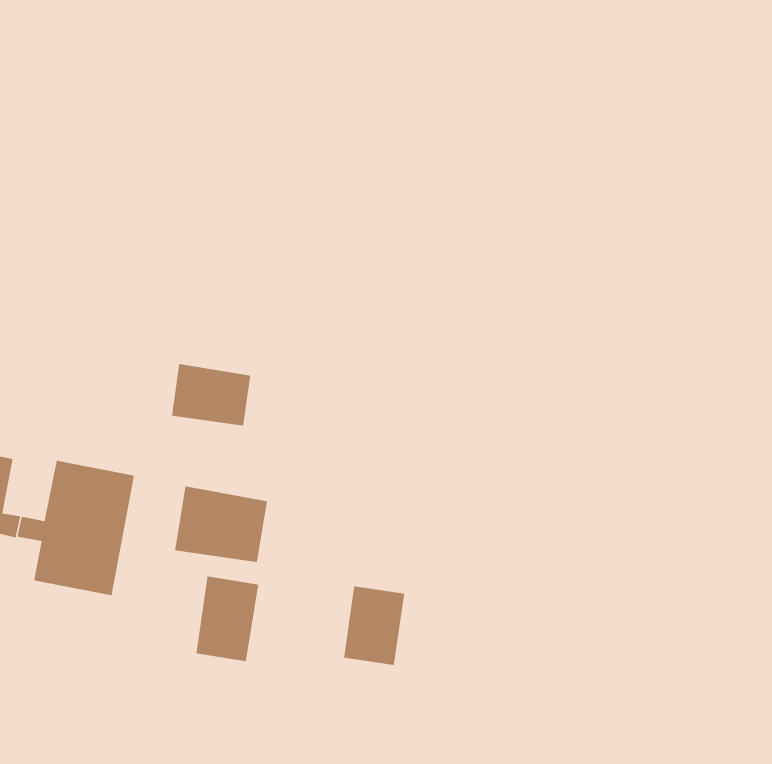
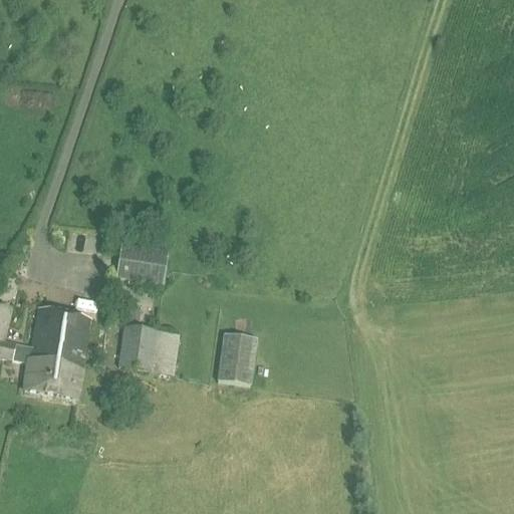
building: [196,575,259,662] -> none
building: [343,586,405,666] -> [215,331,256,384]

